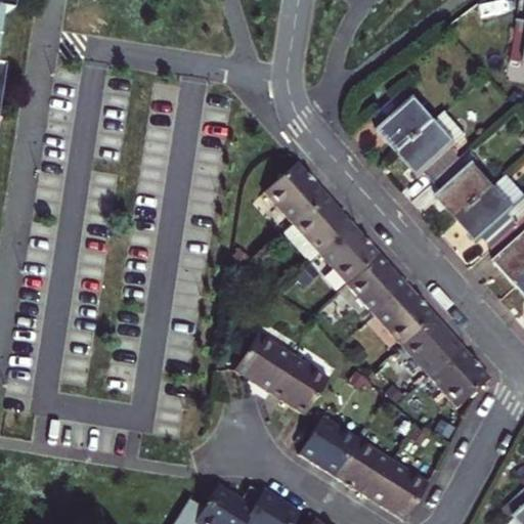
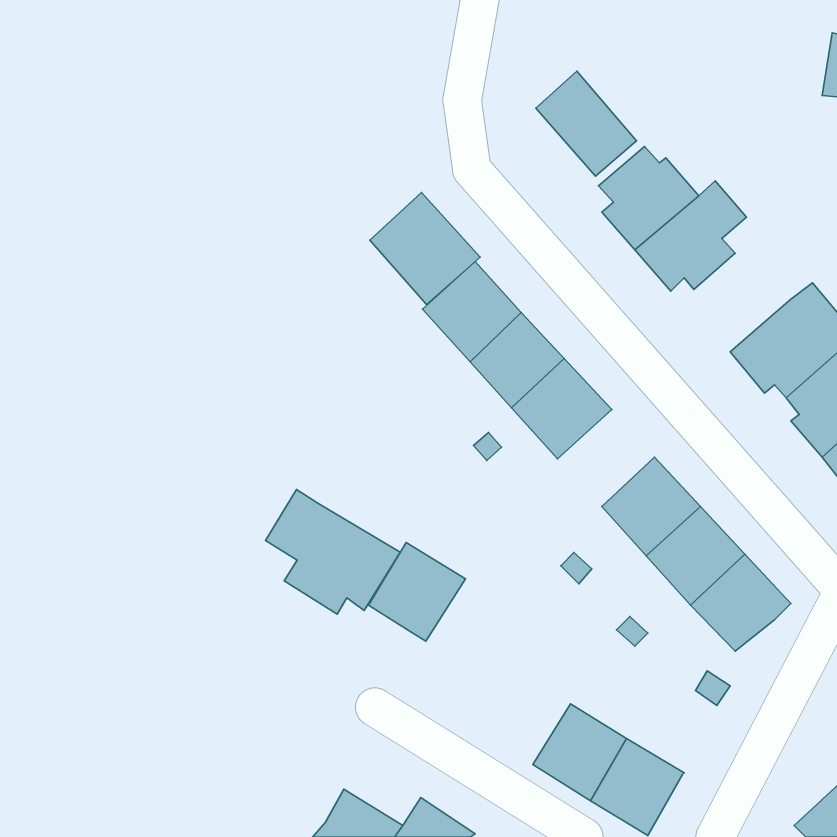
building: none -> [536,71,636,176]
building: none -> [370,193,480,304]
building: [434,149,494,219] -> none
building: [349,255,409,315] -> none
building: none -> [265,490,400,614]
building: [267,360,326,420] -> none
building: [299,416,357,476] -> none

